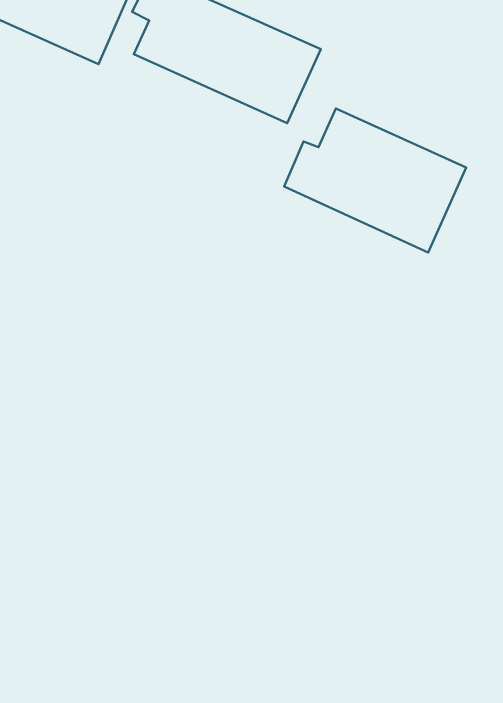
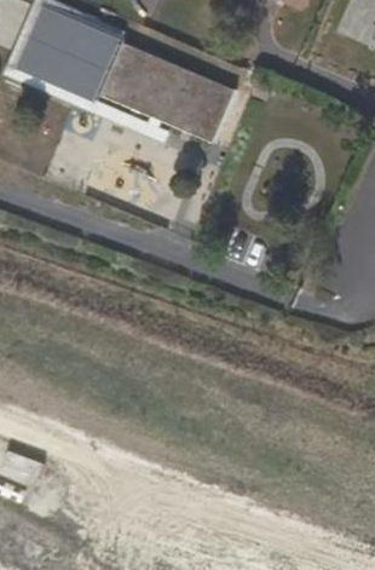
building: [284,109,466,252] -> none

